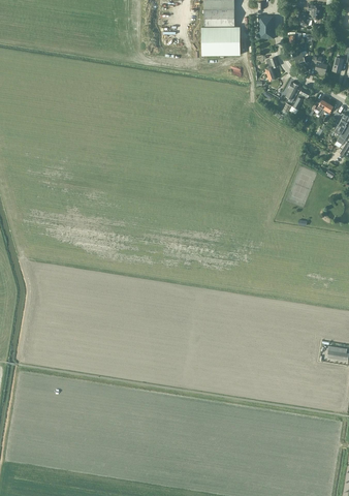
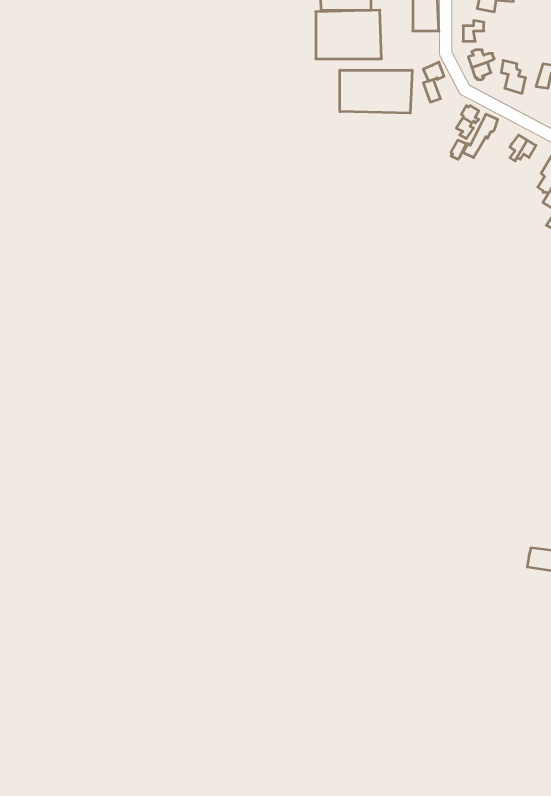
building: none -> [340,70,412,113]

